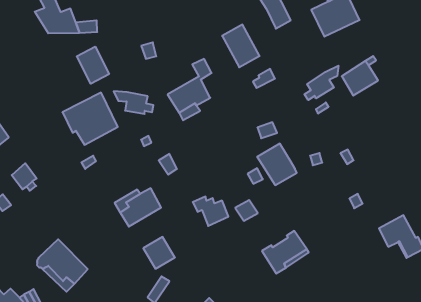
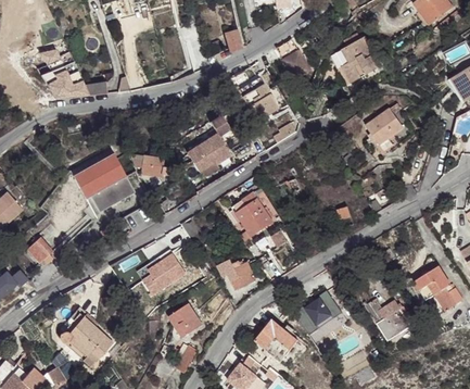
building: [77,47,109,84] -> none
building: [304,66,338,100] -> none
building: [257,144,297,185] -> [231,192,274,236]
building: none -> [365,300,410,340]
building: none -> [255,317,298,361]

